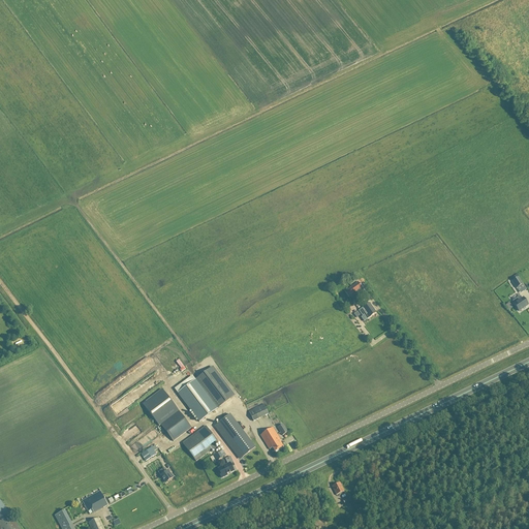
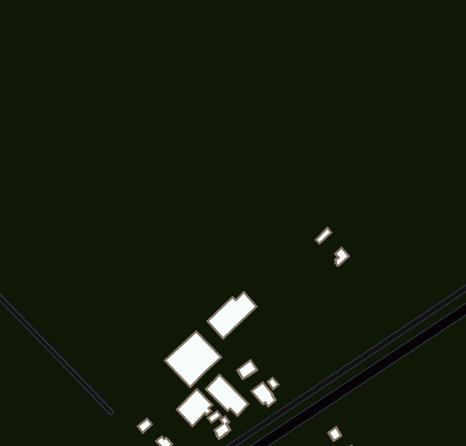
building: none -> [208,292,256,338]
building: [142,387,190,440] -> none

